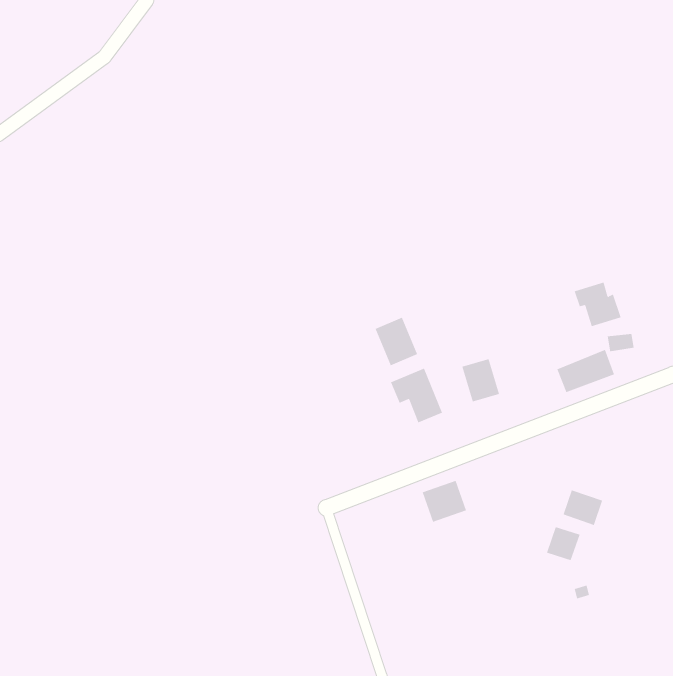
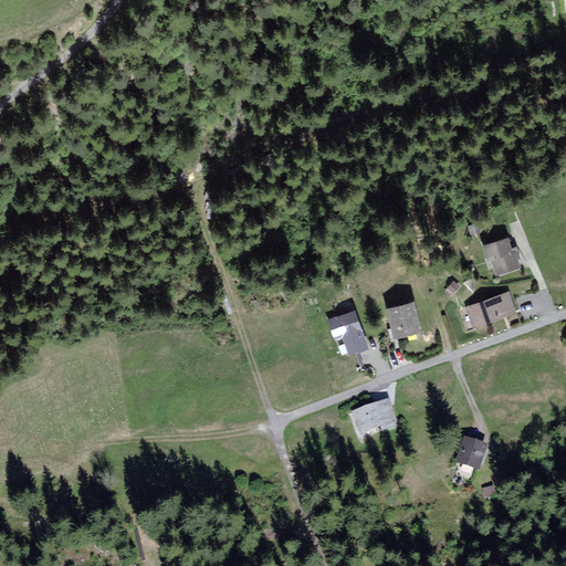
building: [375,317,418,366] -> none
building: [563,489,603,526] -> none

